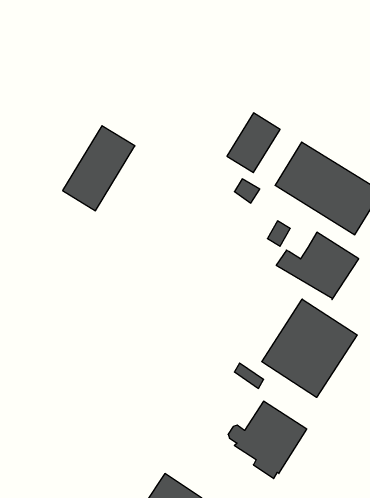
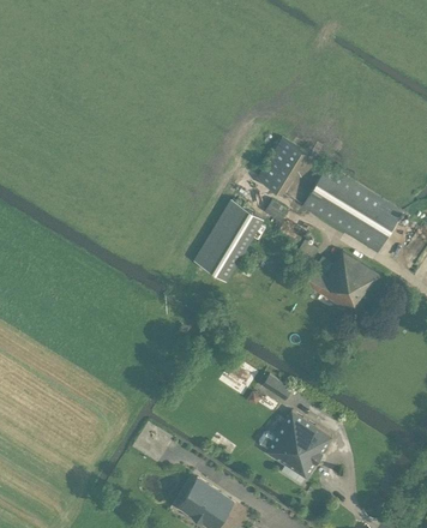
building: [63,126,135,211] -> [194,198,263,278]
building: [262,299,357,397] -> none

